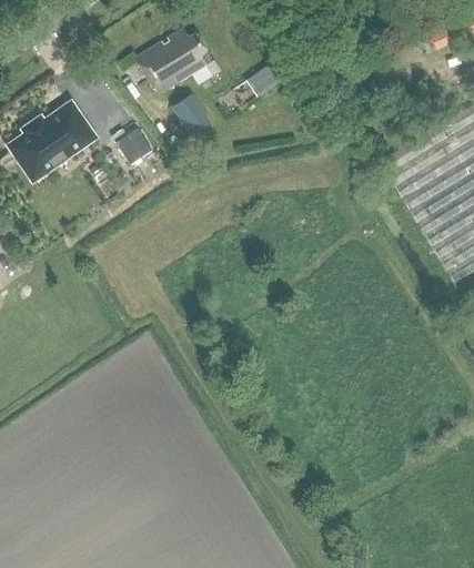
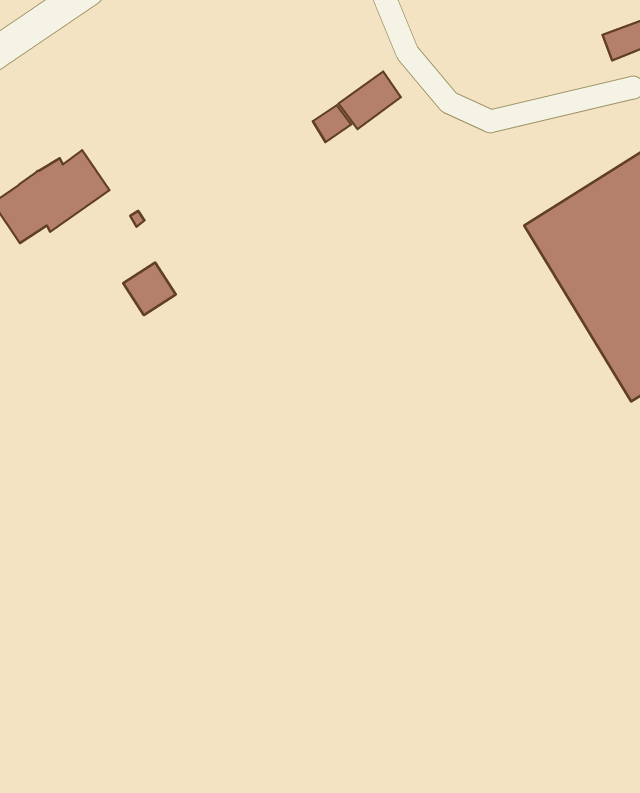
building: [135,29,208,93] -> none
building: [172,93,211,135] -> none
building: [115,128,152,164] -> [123,262,176,315]

